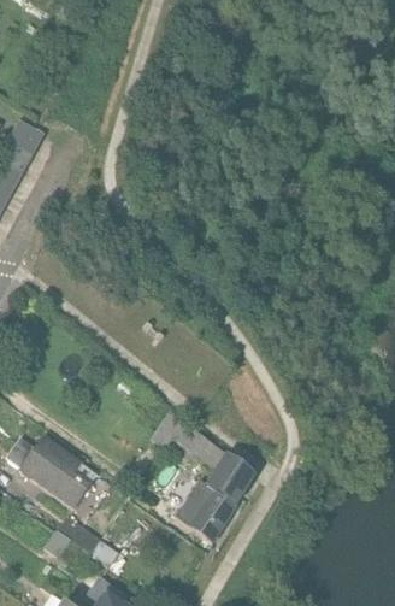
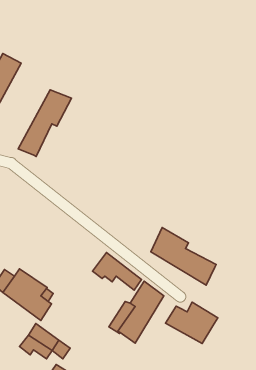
building: none -> [18,90,72,156]
building: none -> [151,228,216,285]
building: none -> [165,302,218,344]

